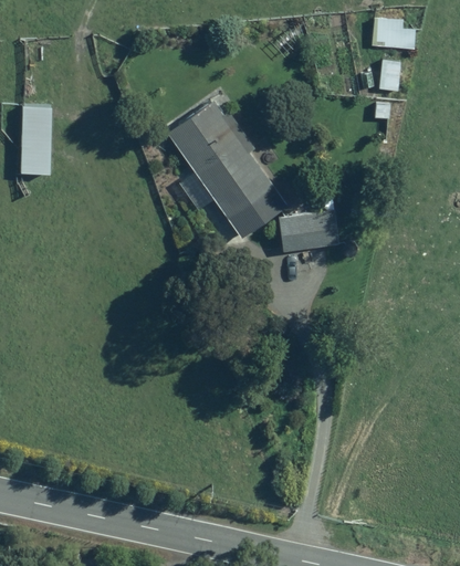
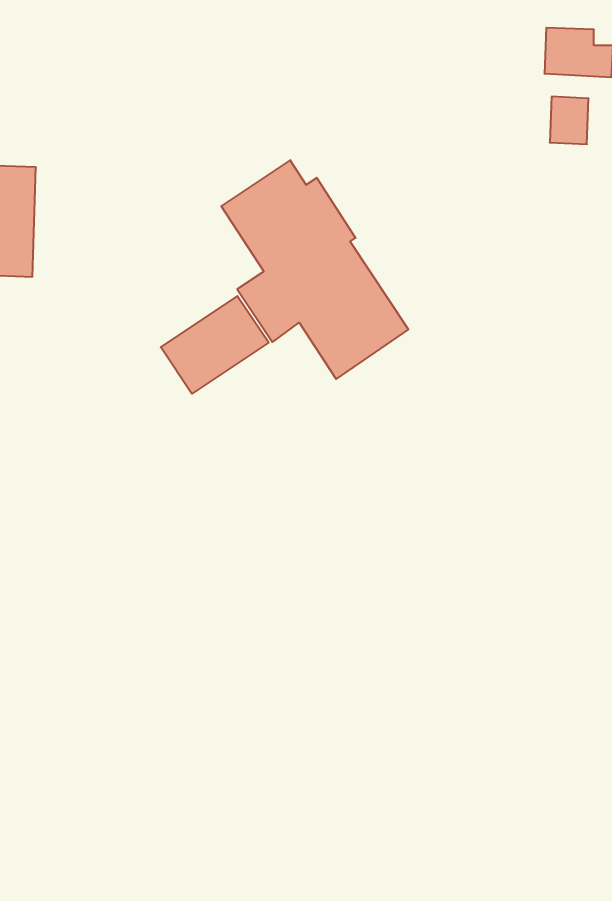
building: none -> [161,296,269,394]
building: [278,191,336,249] -> none

